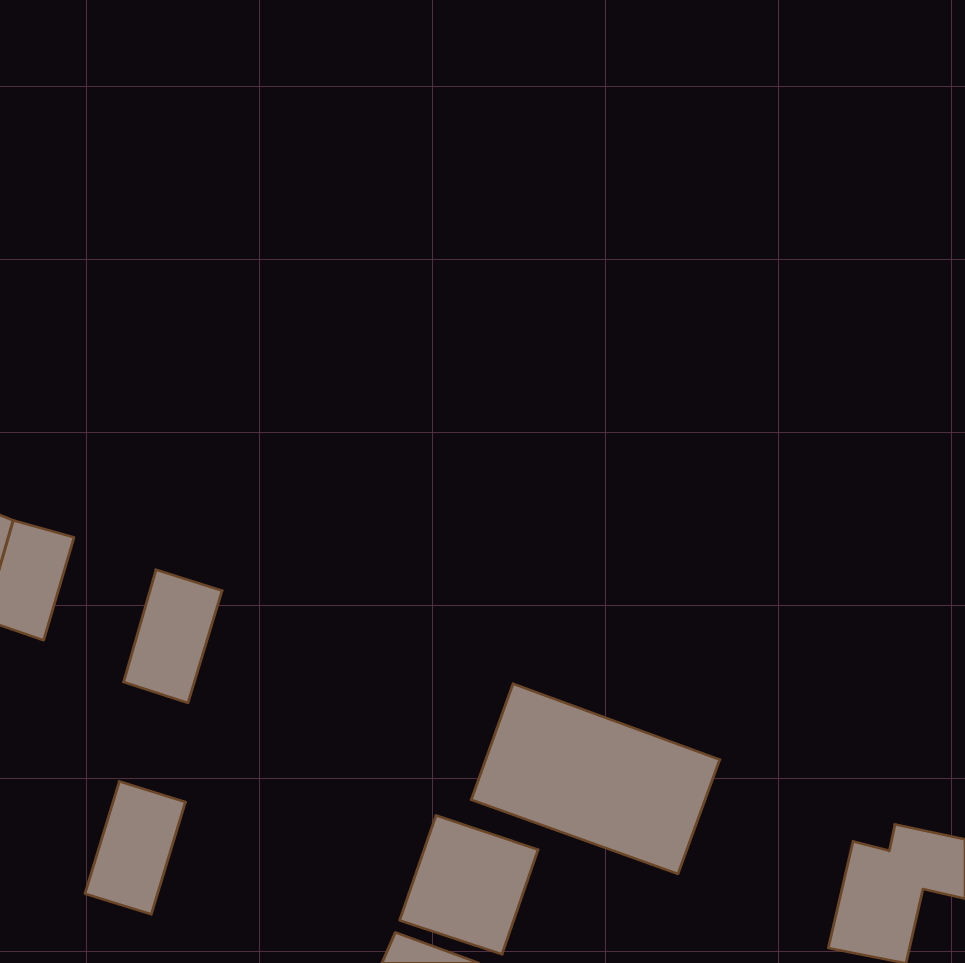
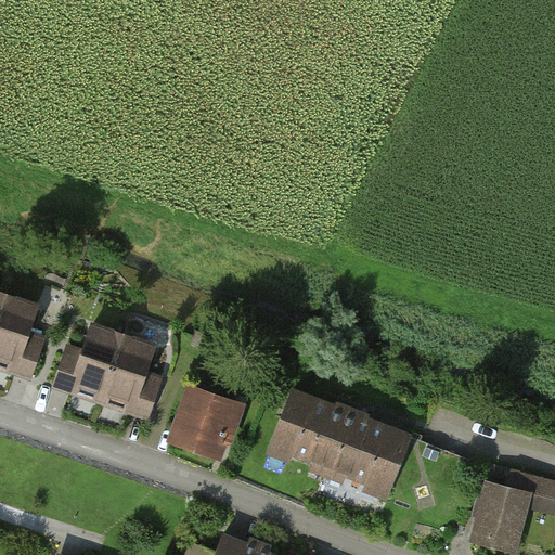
building: [85,781,186,914] -> [107,337,165,413]
building: [400,816,538,954] -> [166,383,245,462]

